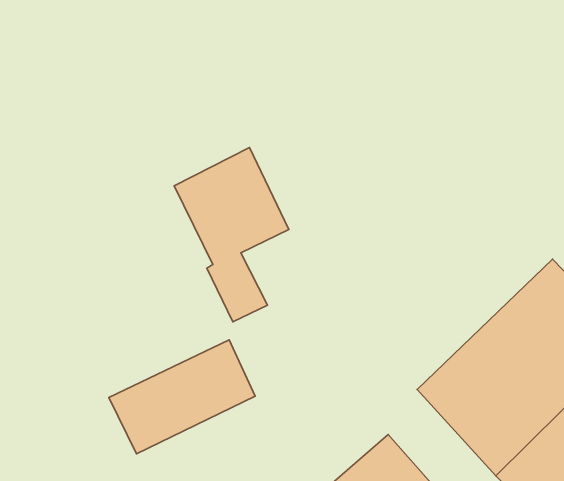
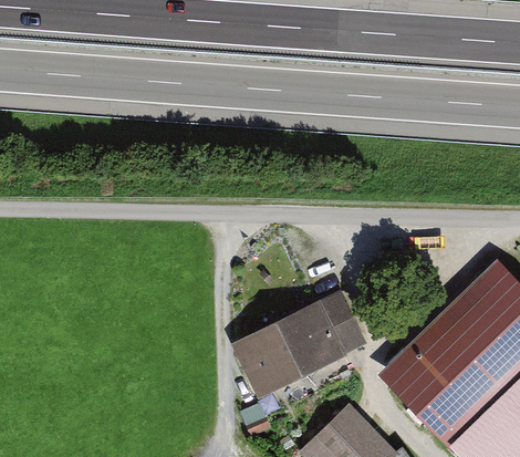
building: [174,147,289,322] -> none
building: [109,340,255,454] -> [237,298,366,398]

